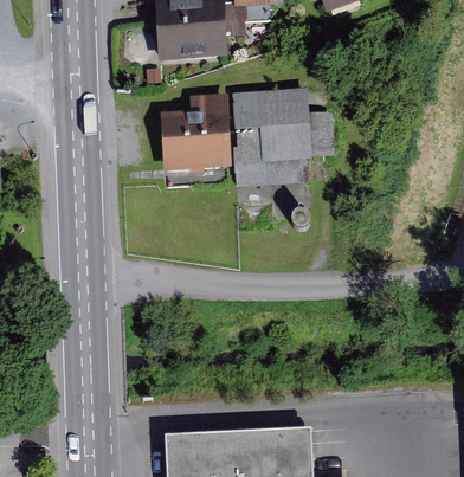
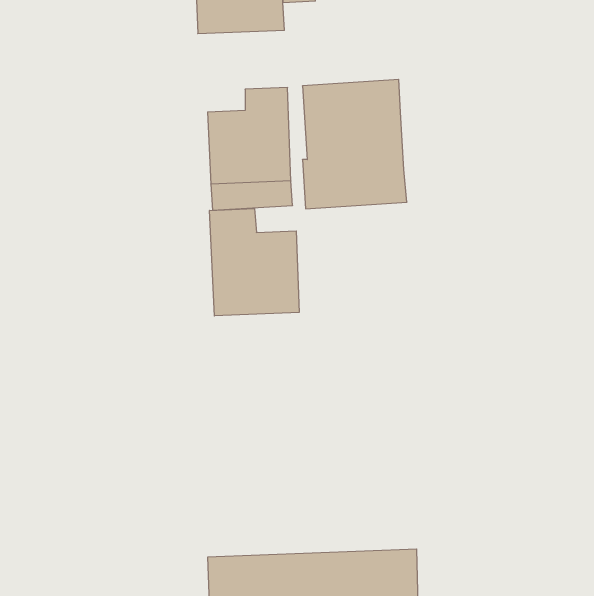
building: [305,110,334,153] -> none
building: none -> [210,209,299,316]

